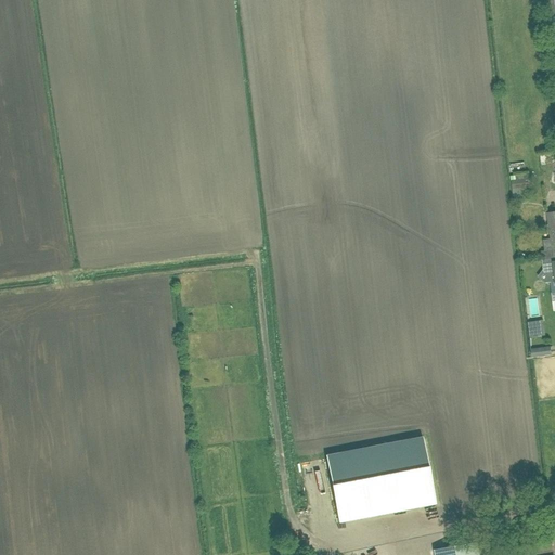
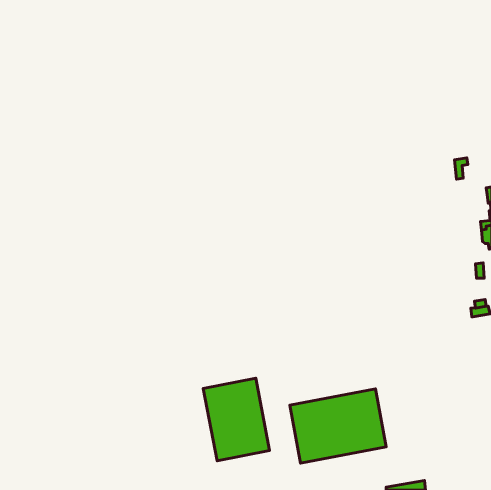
building: none -> [203,378,270,461]

